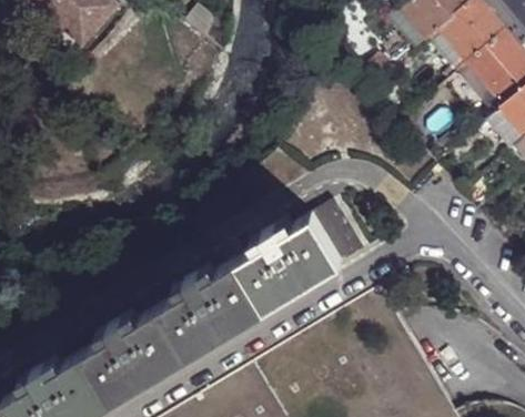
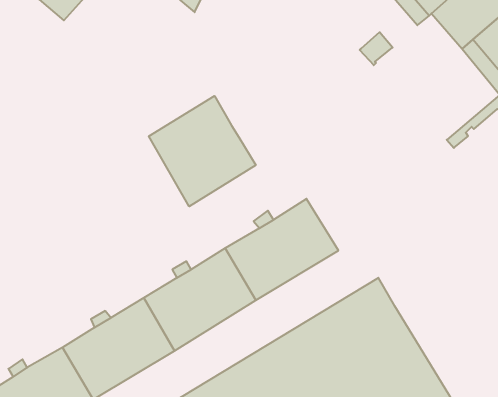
building: none -> [149,96,256,206]
building: [314,199,366,261] -> none

